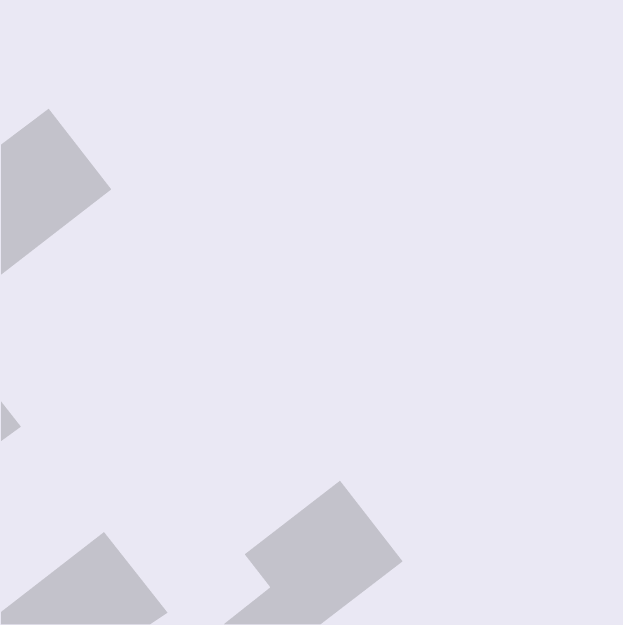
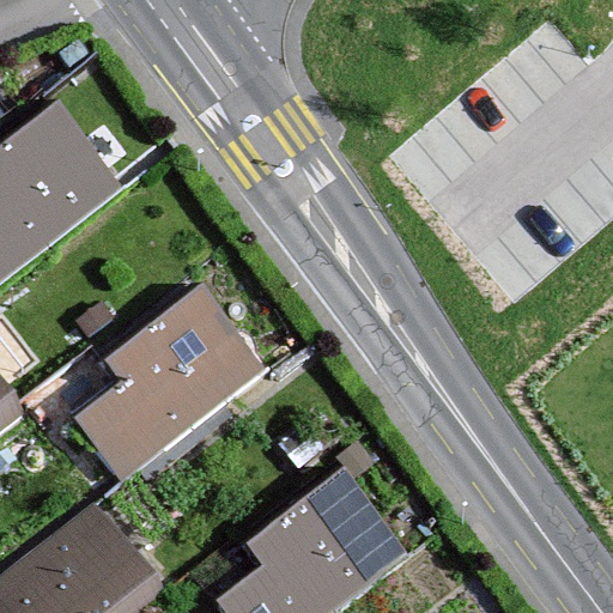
building: none -> [80,285,266,478]

